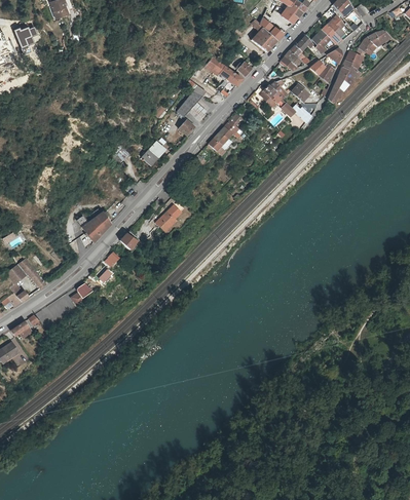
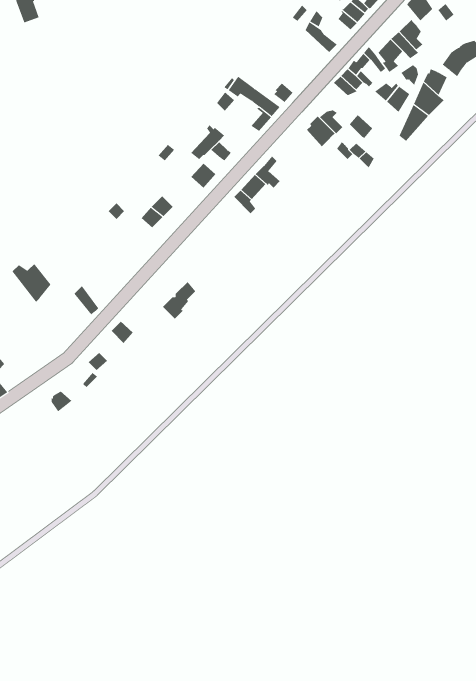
building: [252,18,277,50] -> none
building: [77,213,106,241] -> [12,263,52,303]

